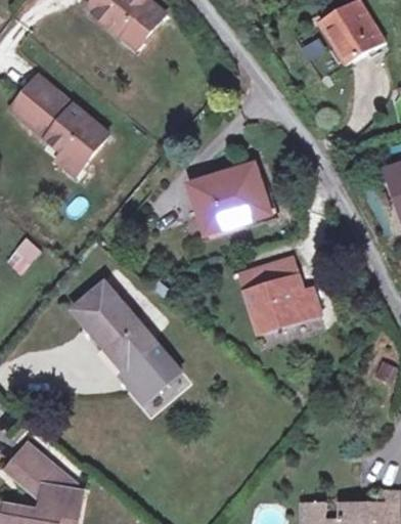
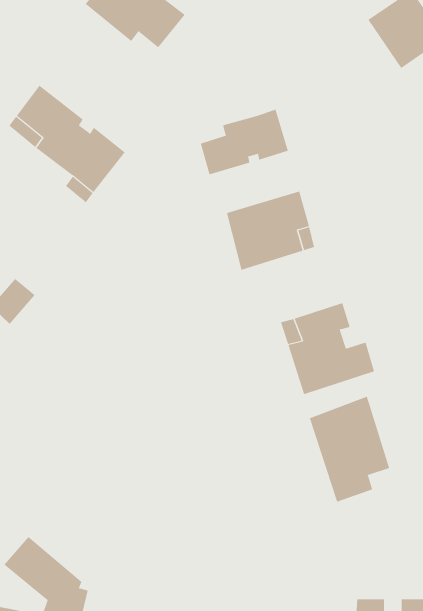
building: none -> [200,109,288,175]
building: [72,285,181,402] -> none
building: none -> [309,396,390,503]

